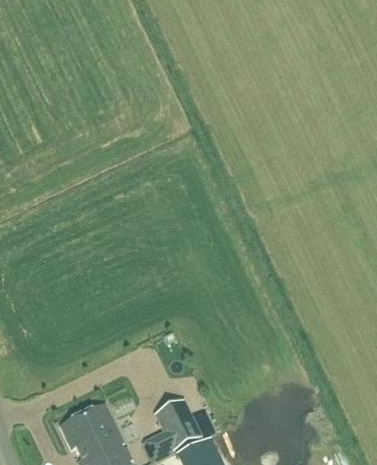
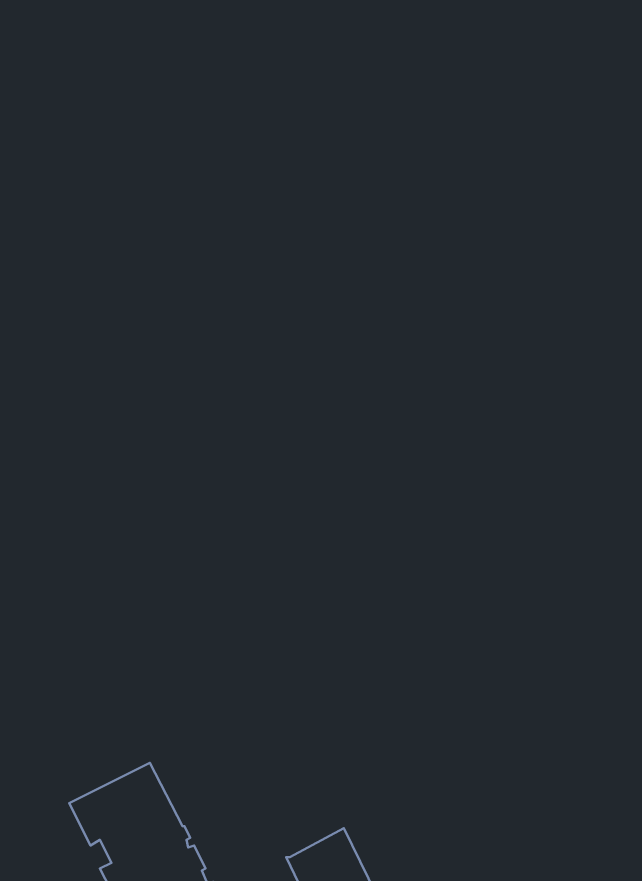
building: [154,398,201,455] -> none

